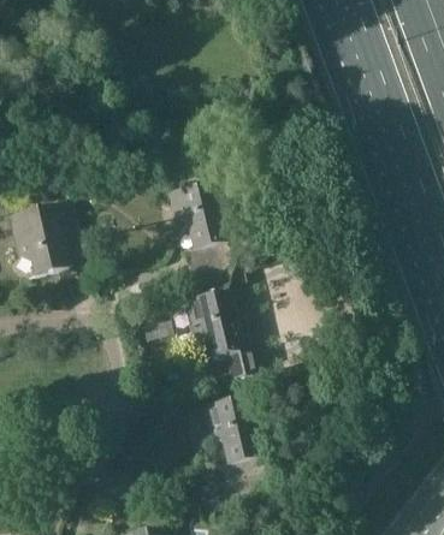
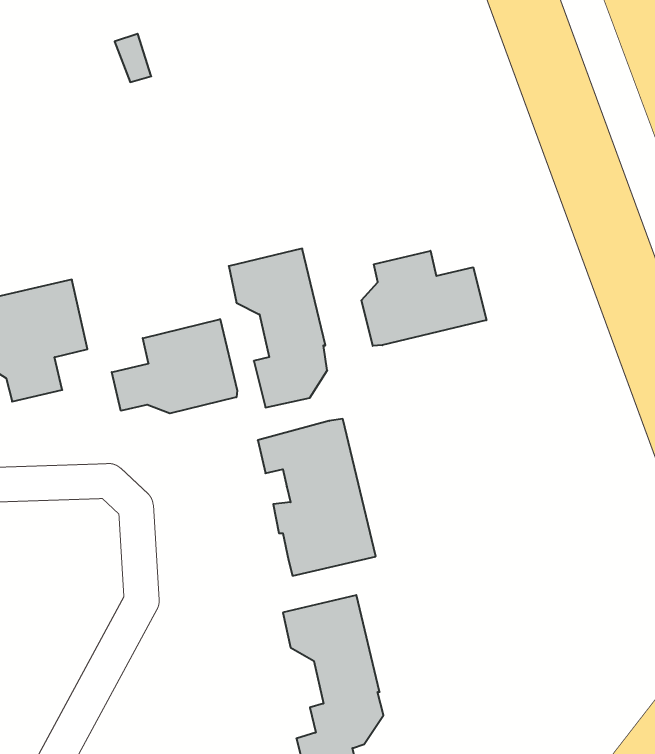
building: none -> [362,251,486,346]
building: none -> [112,319,237,413]

